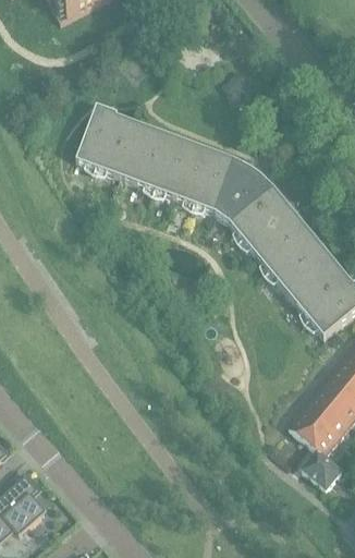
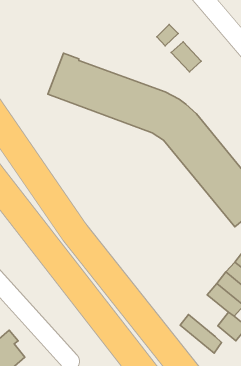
building: none -> [171,42,201,72]
building: none -> [180,315,222,353]

